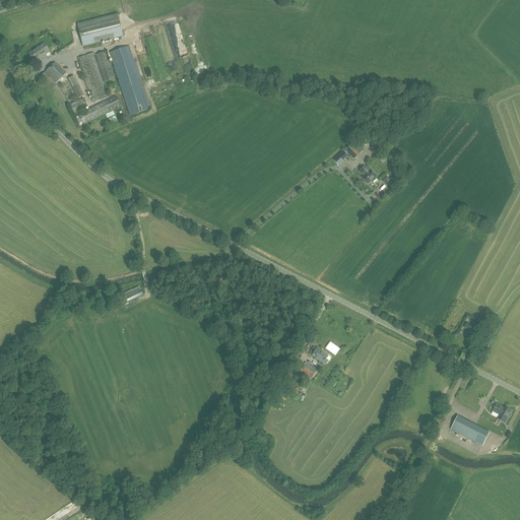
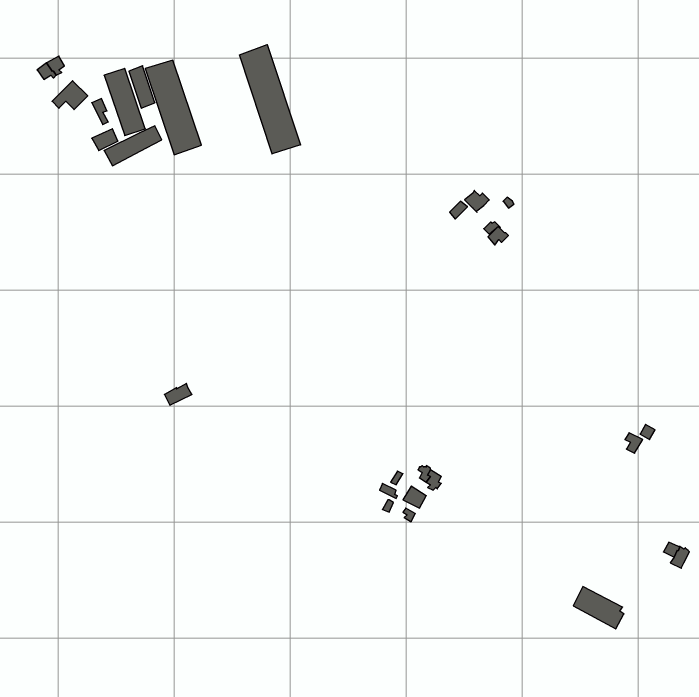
building: [76,13,122,44] -> none
building: none -> [239,45,301,154]
building: [450,412,488,444] -> [573,587,624,629]

